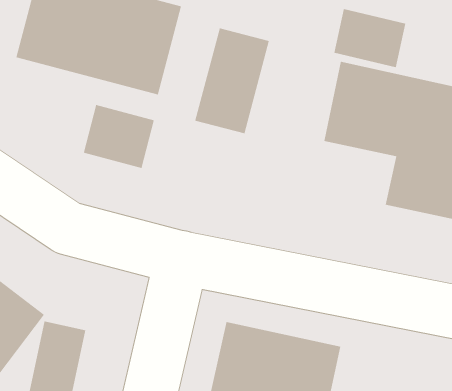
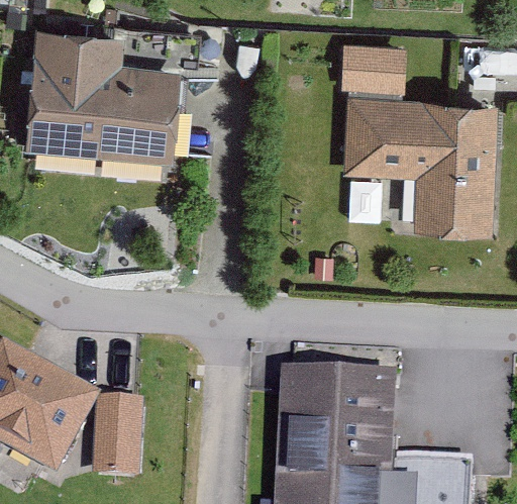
building: [195,27,270,134] -> none
building: [83,104,155,169] -> none

